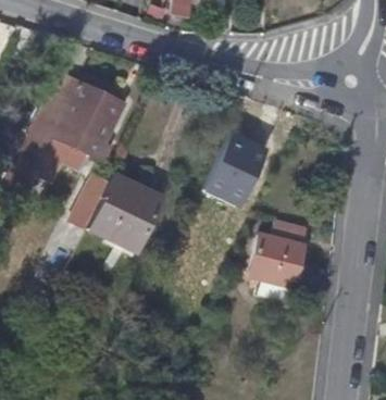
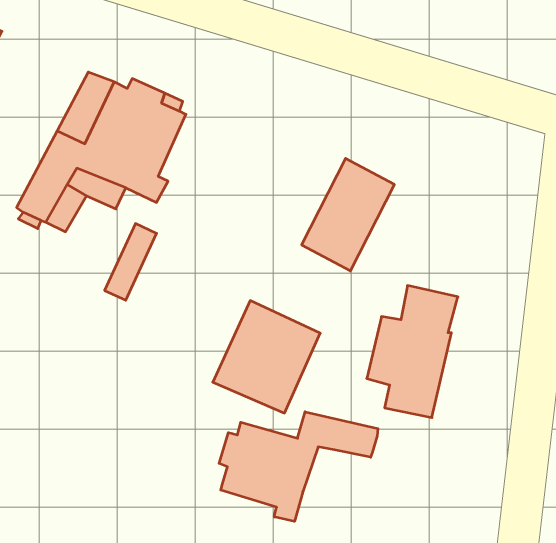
building: [90,177,162,252] -> [213,301,320,413]
building: none -> [219,412,378,521]

